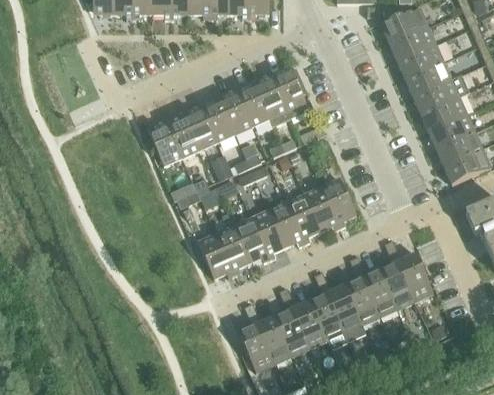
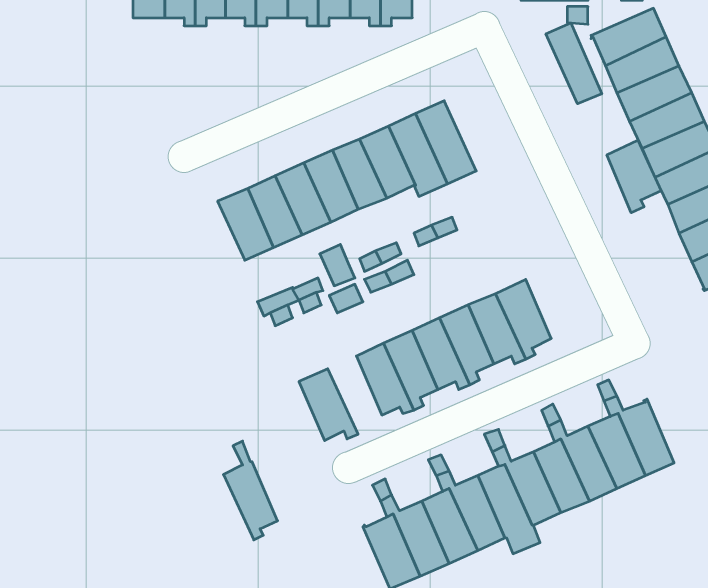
building: none -> [546,23,602,104]
building: none -> [607,140,661,213]
building: [216,213,250,275] -> [223,441,278,540]

